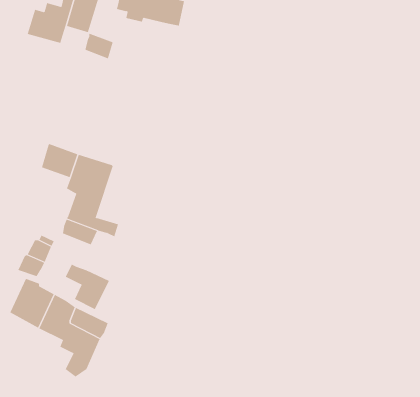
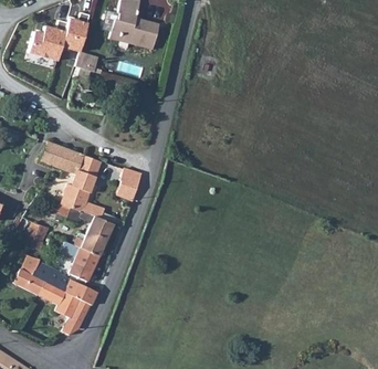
building: none -> [117,169,143,202]
building: none -> [80,218,114,257]

